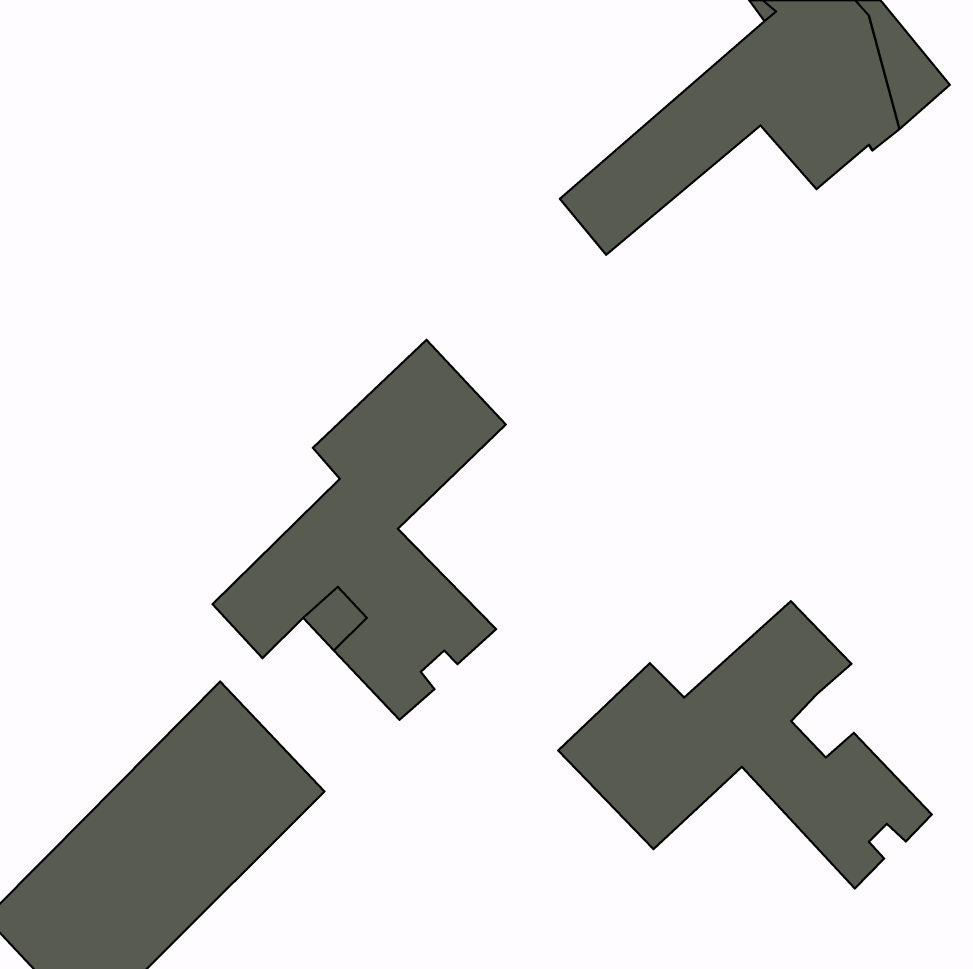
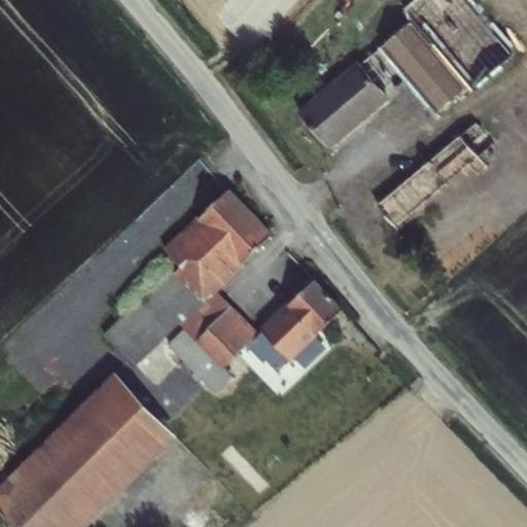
building: none -> [375,120,494,226]
building: none -> [259,280,341,371]
building: [558,601,932,888] -> none

